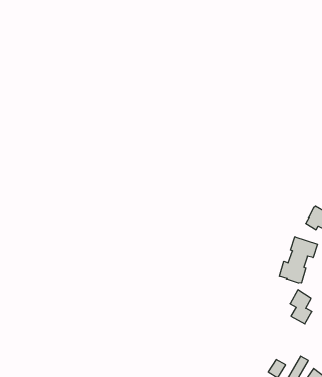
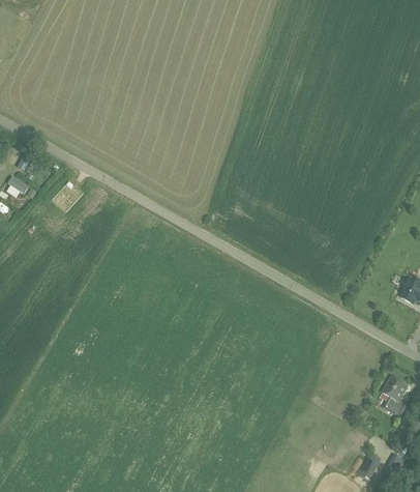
building: [279,237,318,283] -> none

